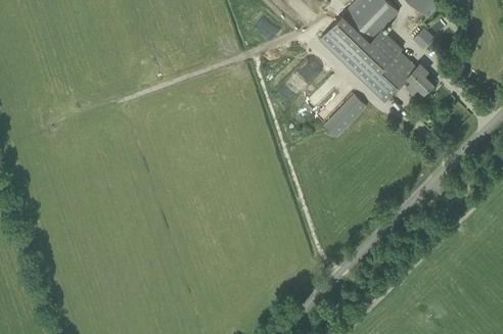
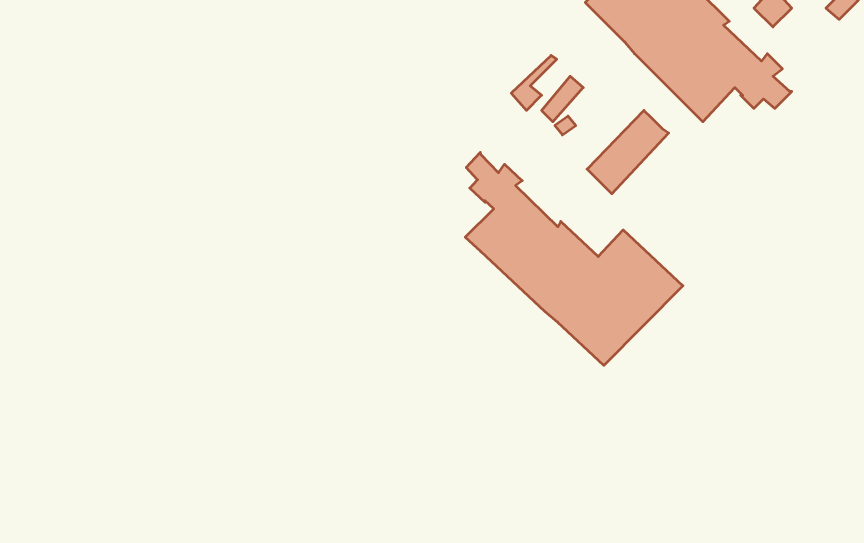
building: none -> [465,152,683,365]

